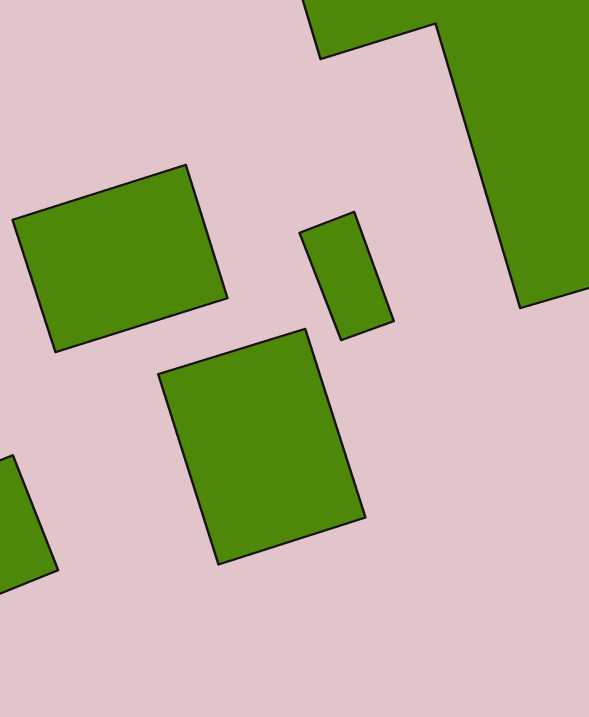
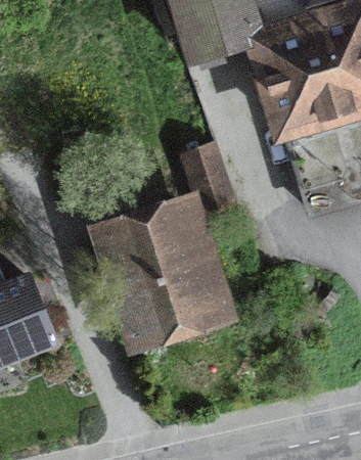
building: [12,165,227,352] -> none

